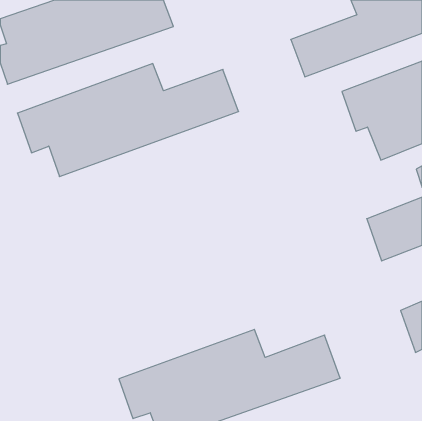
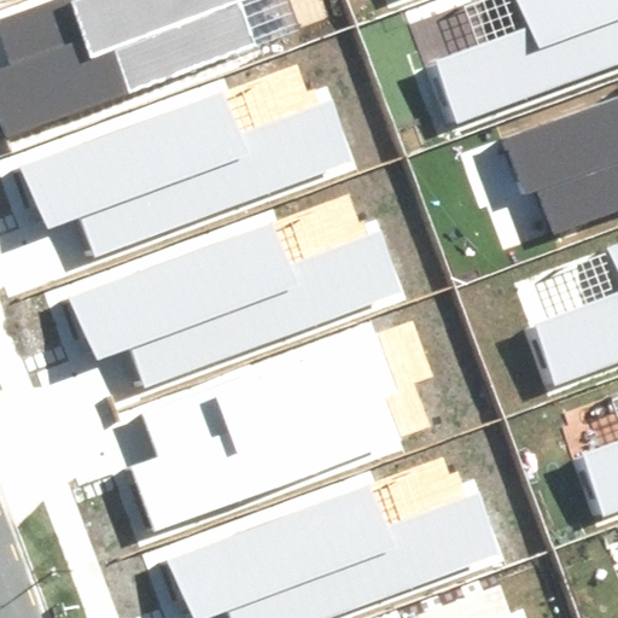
building: none -> [76,225,400,391]
building: none -> [123,330,391,534]

